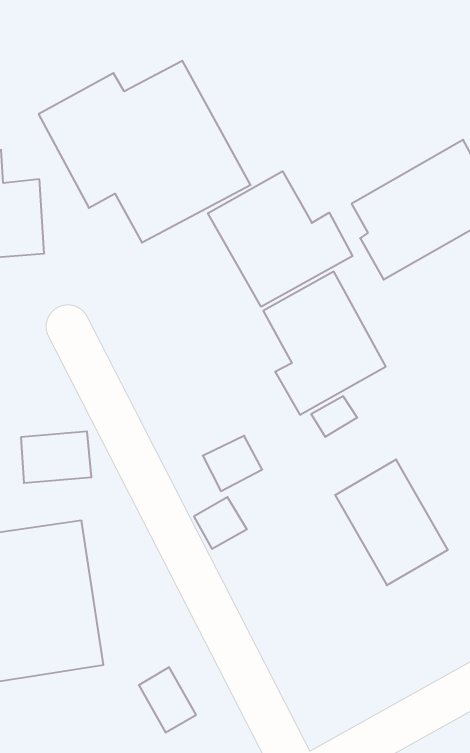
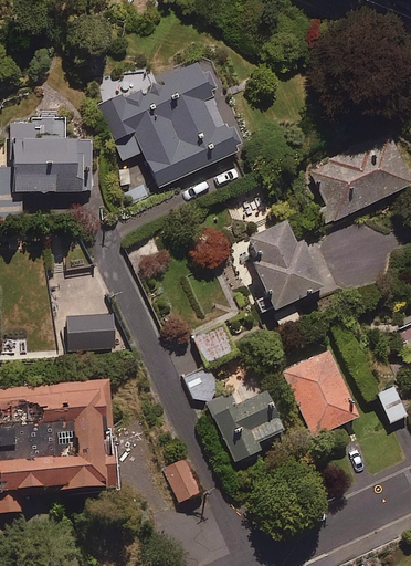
building: [208,171,353,307] -> none
building: none -> [209,389,284,461]
building: [139,667,196,732] -> [162,459,201,504]

